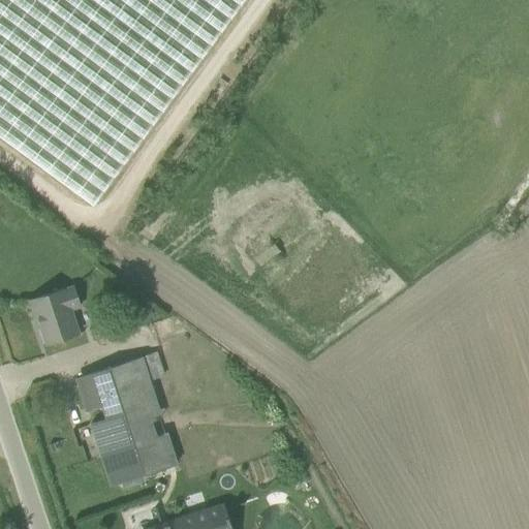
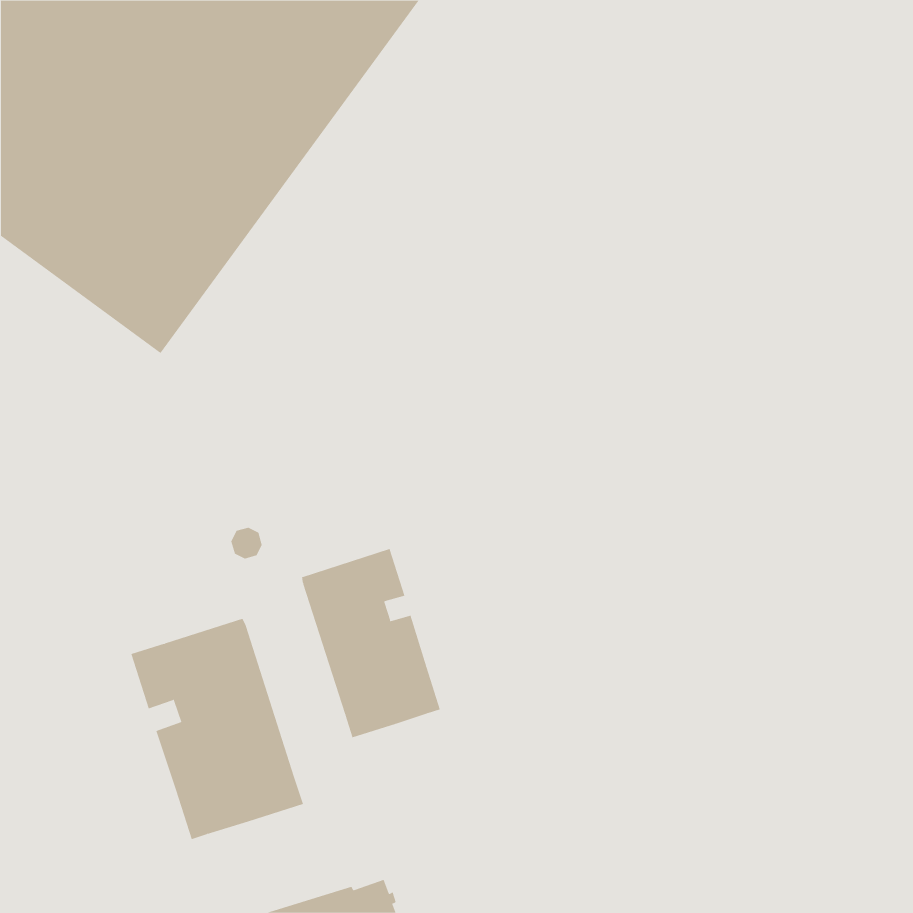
building: [29,286,81,345] -> none
building: none -> [301,548,440,738]

